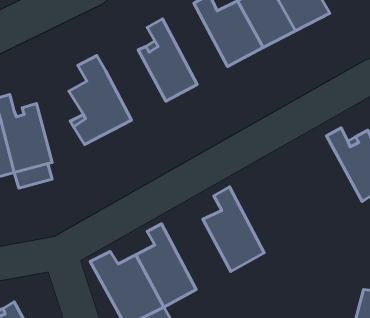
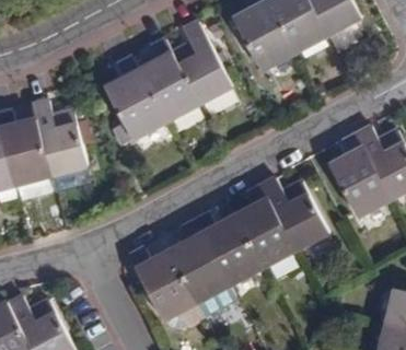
building: none -> [141,40,200,122]
building: none -> [332,138,393,220]
building: none -> [263,182,328,253]
building: none -> [196,217,264,289]

